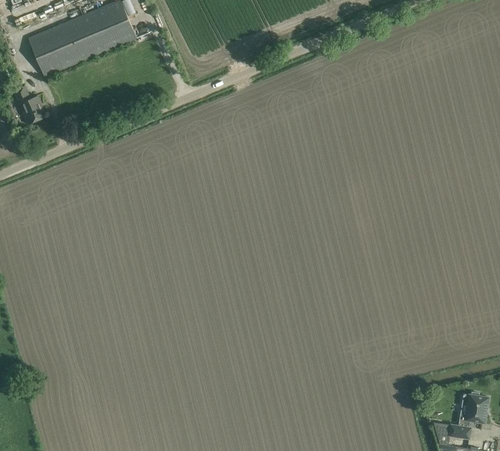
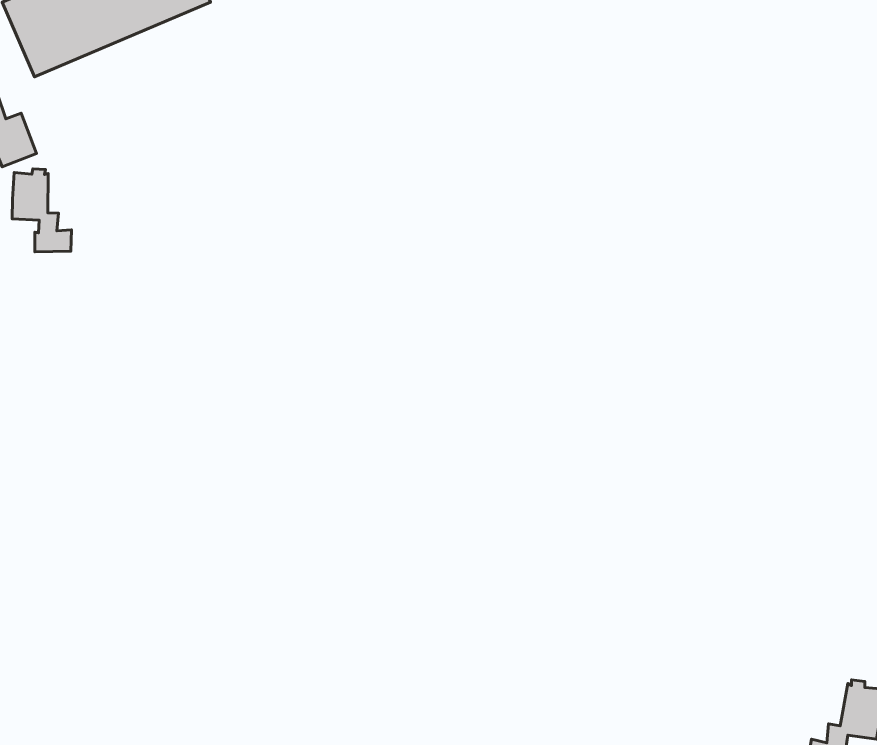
building: none -> [12,169,71,252]

